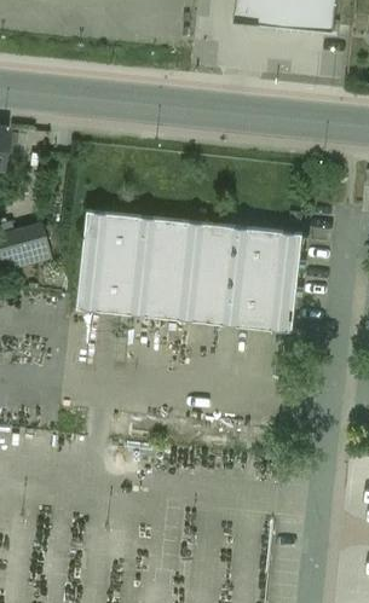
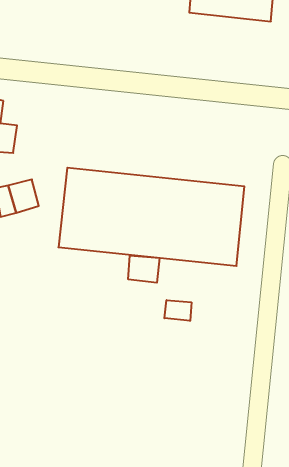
building: none -> [128,255,160,283]
building: none -> [164,300,191,321]

